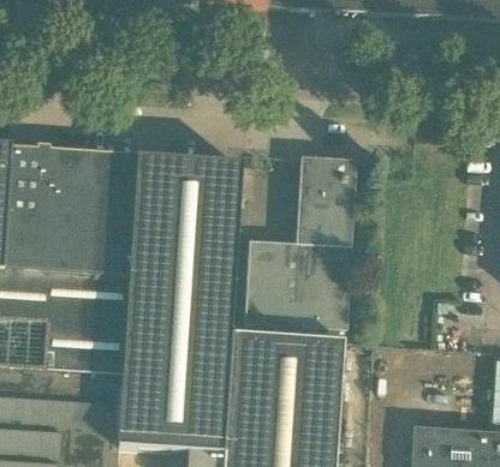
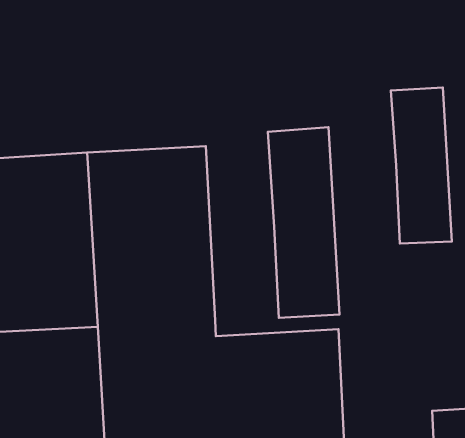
building: none -> [391,87,452,244]
building: [244,239,296,324] -> none

